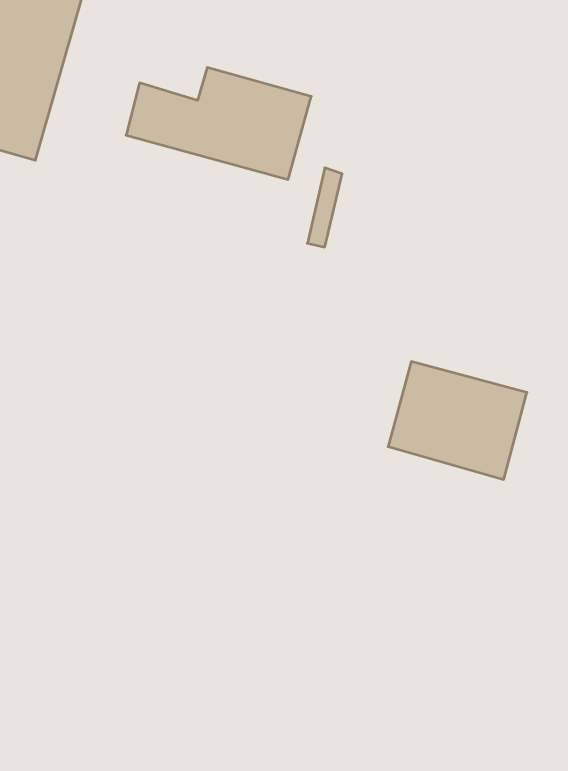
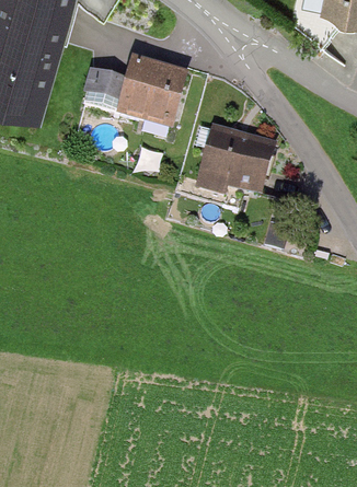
building: [388,362,527,479] -> [205,134,284,200]

